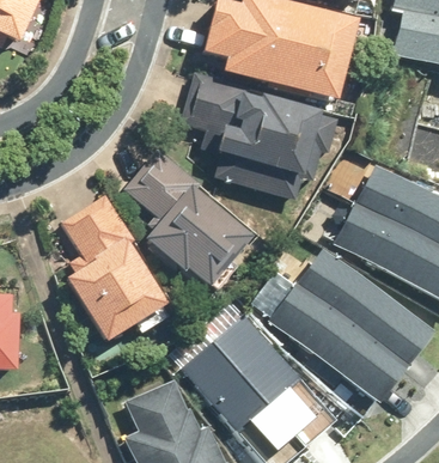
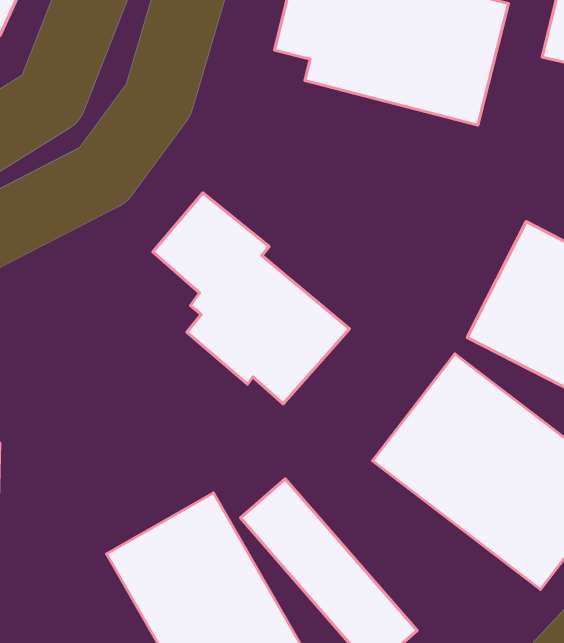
building: [179,68,339,199] -> none
building: [60,191,170,342] -> none
building: [212,311,331,439] -> none

